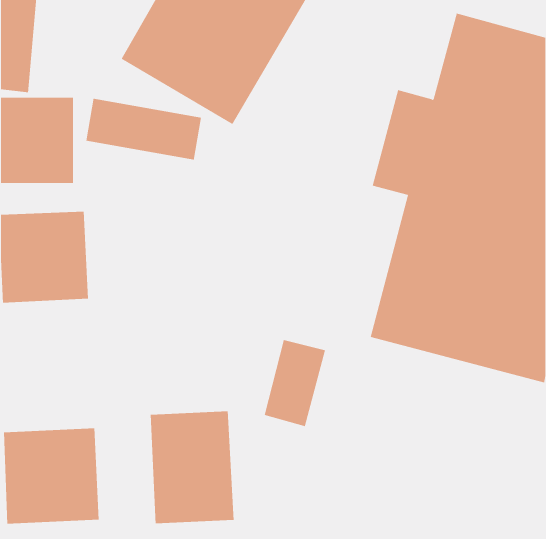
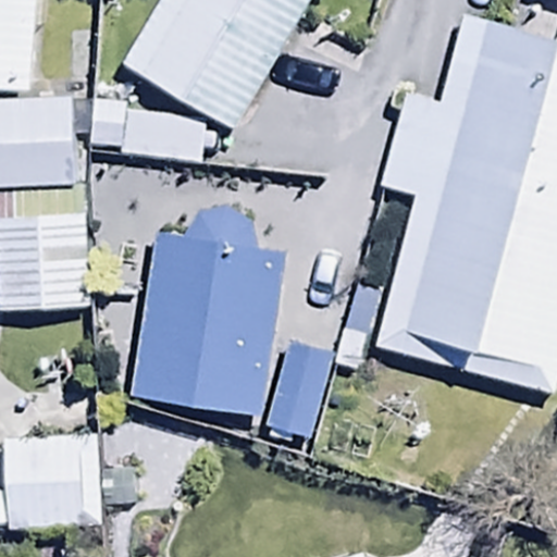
building: none -> [135,198,286,413]
building: [150,411,234,524] -> none

